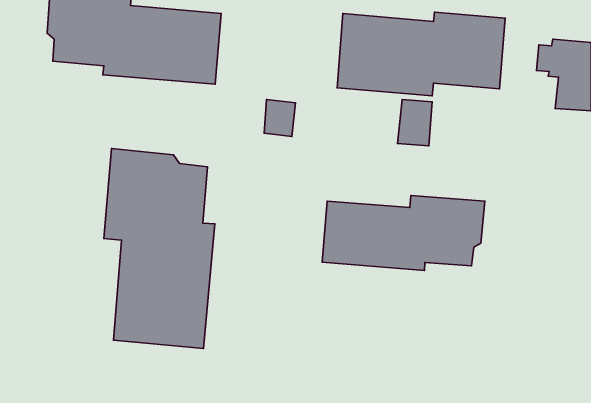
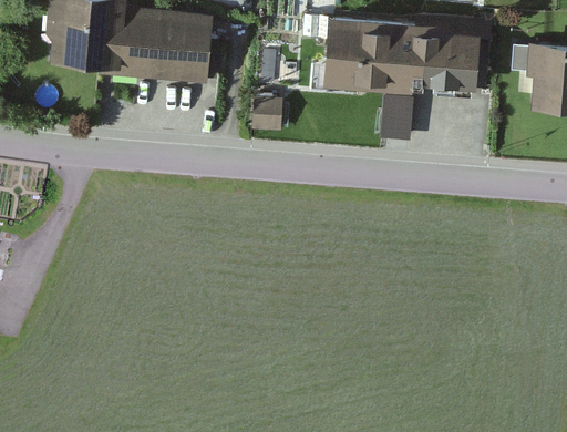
building: [104,149,215,348] -> none
building: [322,195,485,271] -> none

